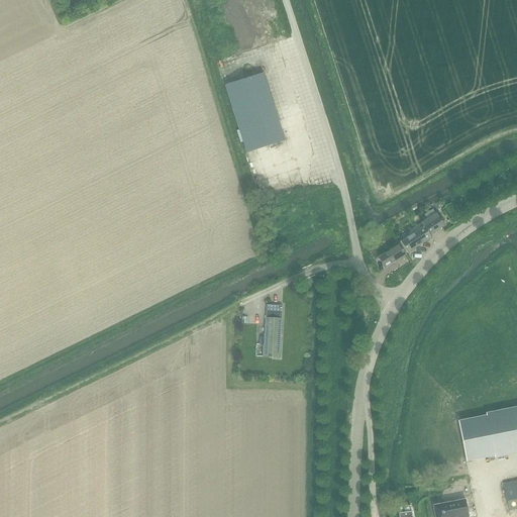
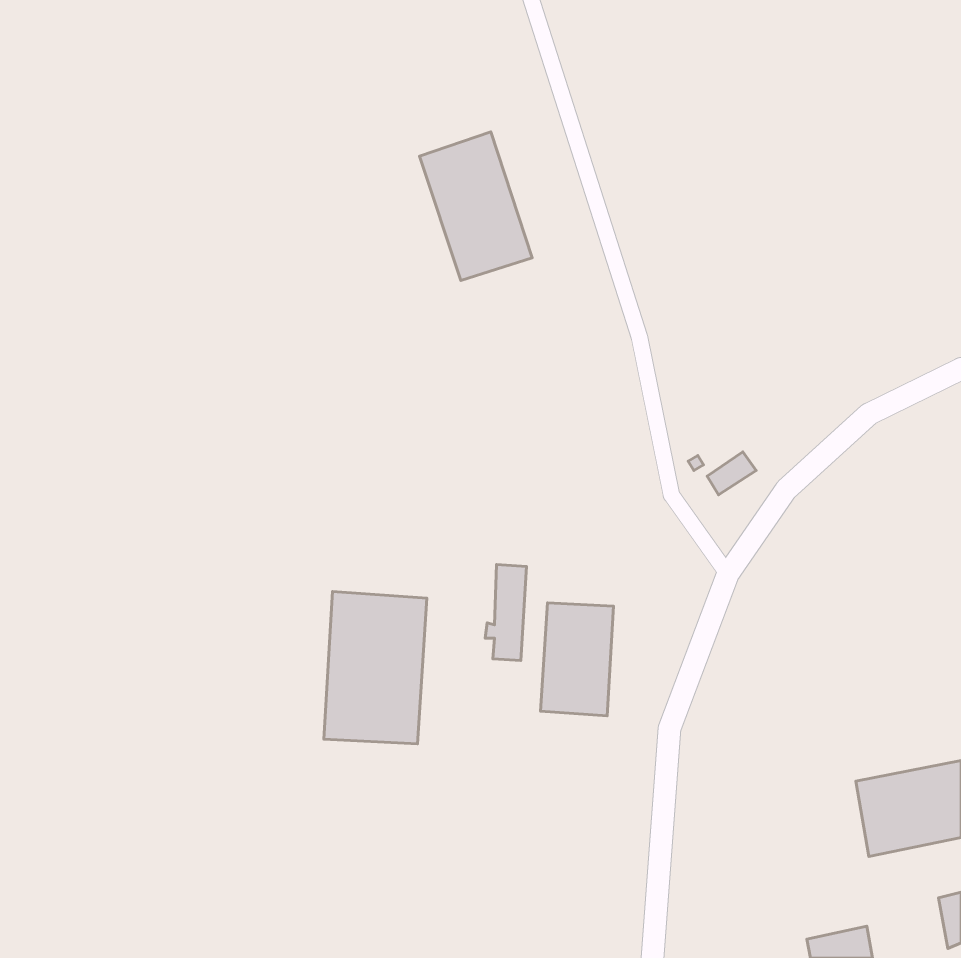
building: [403,212,443,249] -> none
building: none -> [324,592,427,744]
building: none -> [540,603,614,716]

